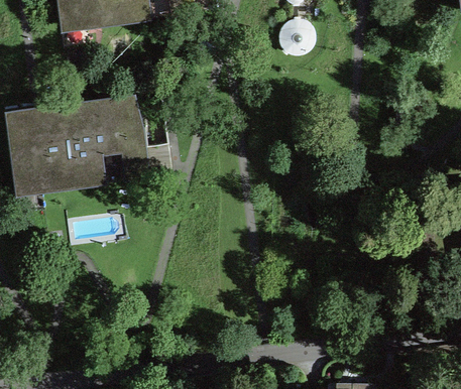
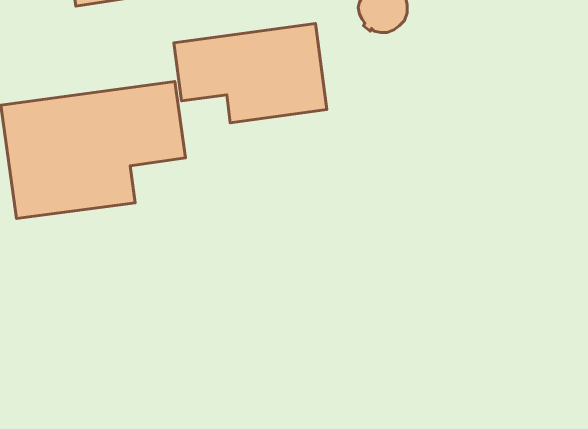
building: none -> [174,23,327,123]

